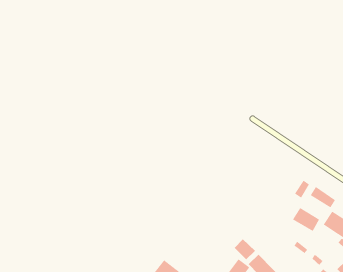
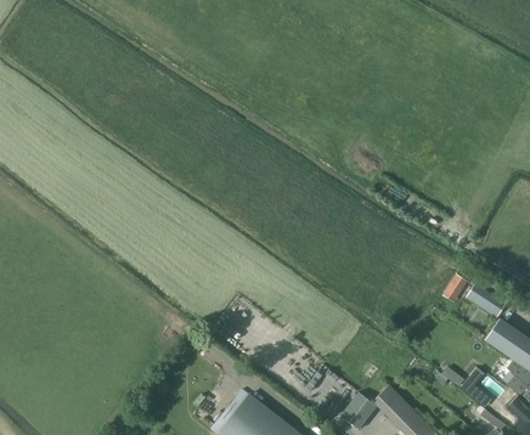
building: [292,207,320,232] -> none
building: [234,238,256,260] -> none

